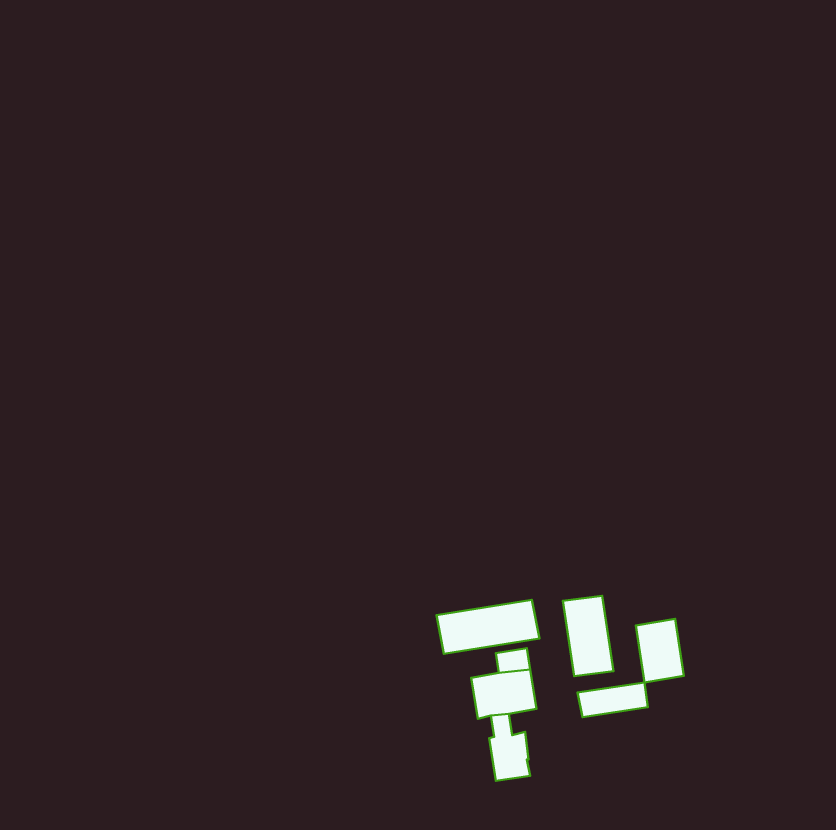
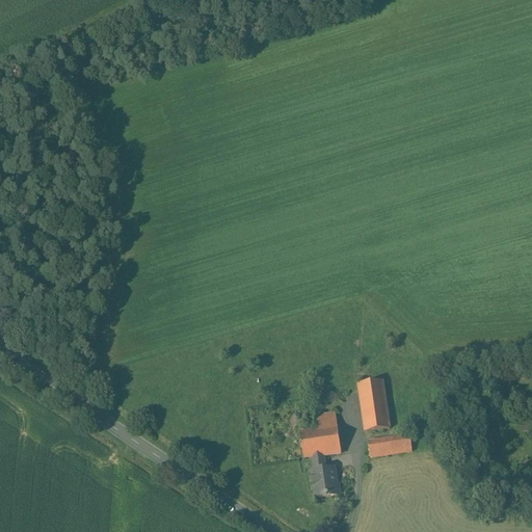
building: [436,600,539,654] -> none
building: [636,619,684,683] -> none

